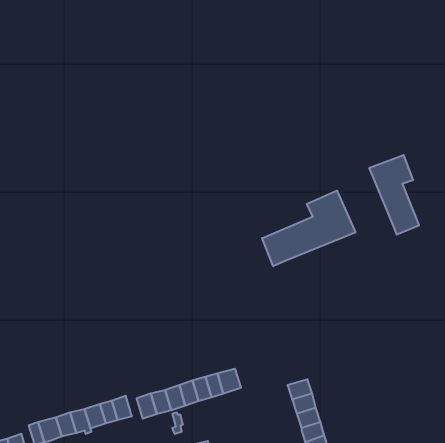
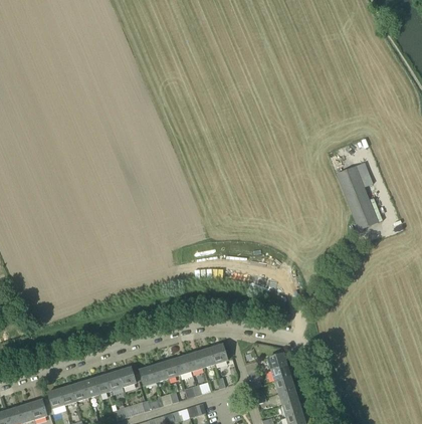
building: [262,191,355,266] -> none

